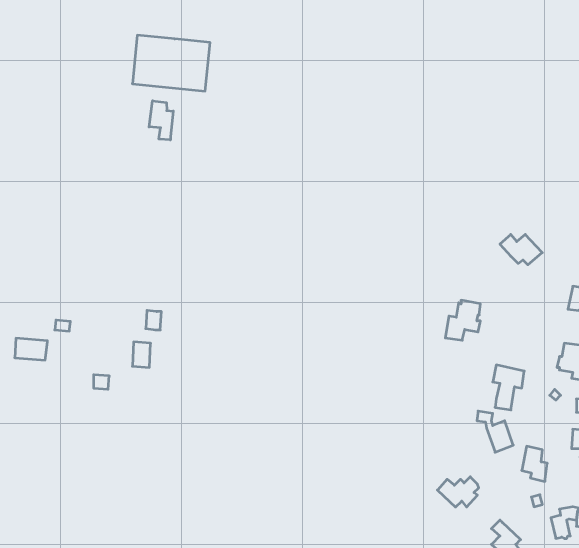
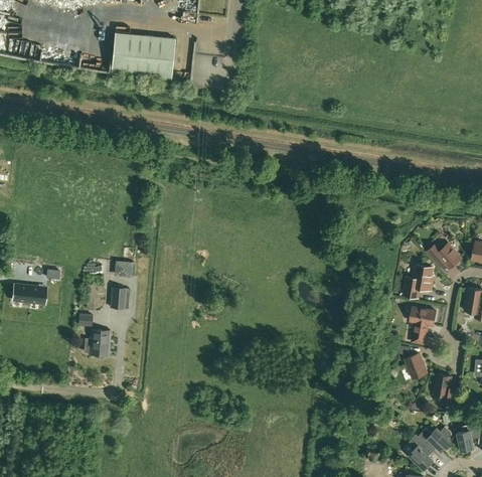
building: [149,101,173,140] -> none
building: [500,234,542,265] -> [427,243,462,268]
building: [445,300,480,340] -> [404,264,433,297]
building: none -> [89,329,110,358]
building: [437,477,479,507] -> [418,426,452,451]

